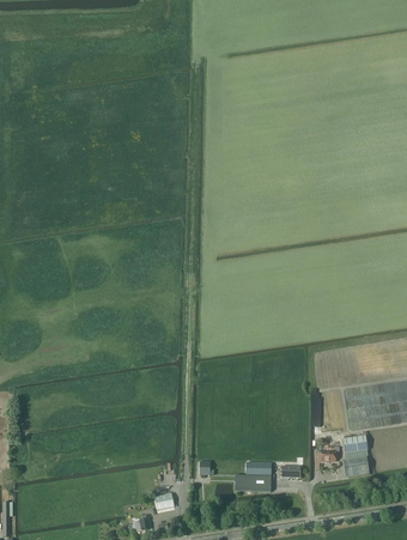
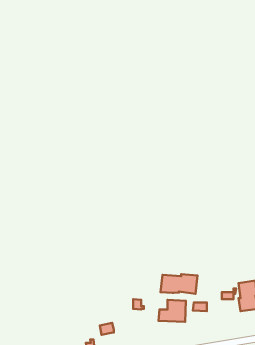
building: none -> [160,274,198,294]

